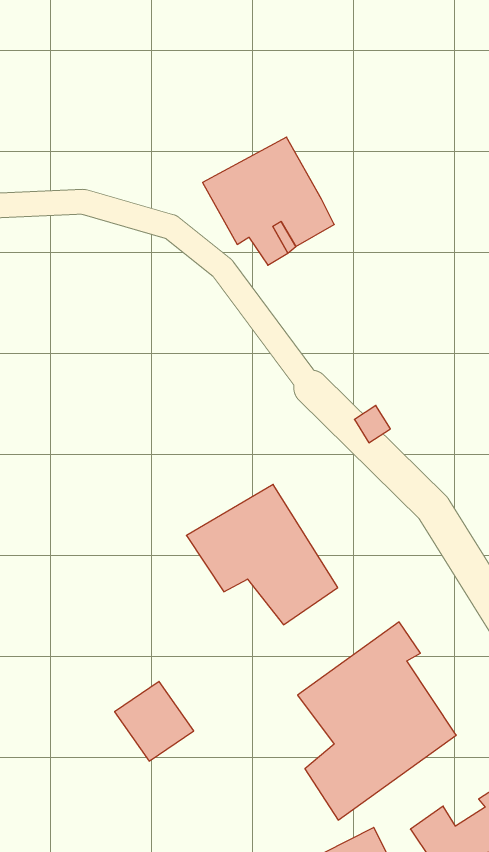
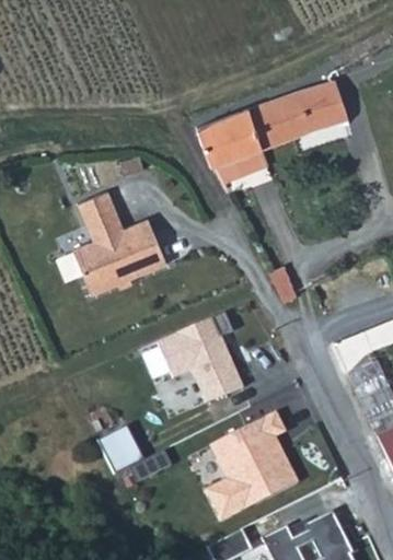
building: none -> [253,80,350,149]
building: none -> [72,191,165,294]

